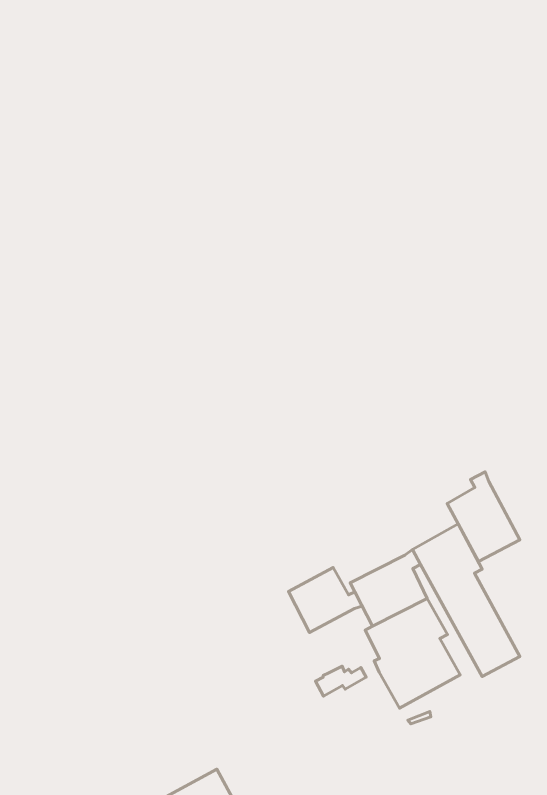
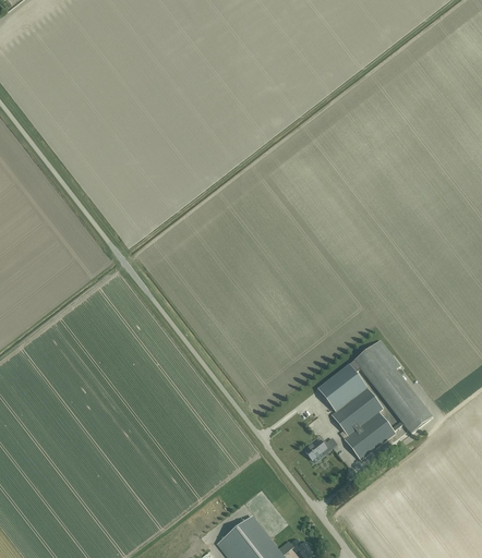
building: [447,472,520,562] -> none
building: [288,568,362,632] -> none

